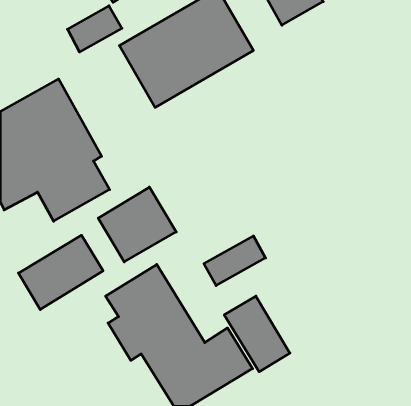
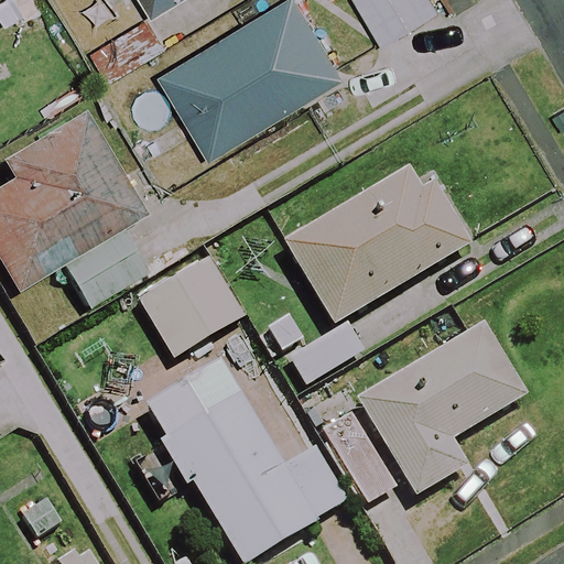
building: none -> [285,156,476,323]
building: [18,235,103,310] -> none
building: none -> [357,321,527,495]

